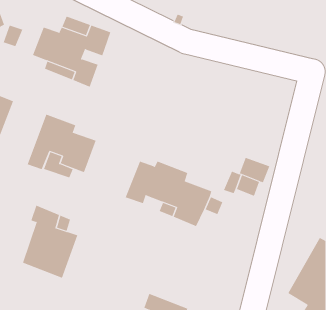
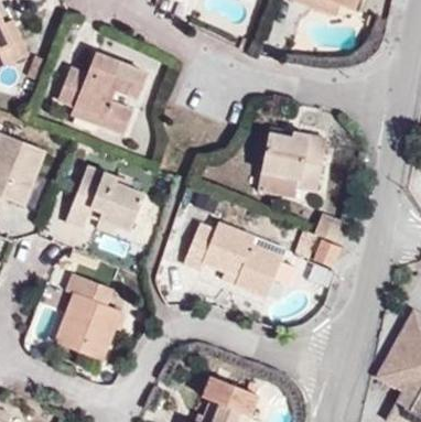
building: none -> [257,126,326,198]

